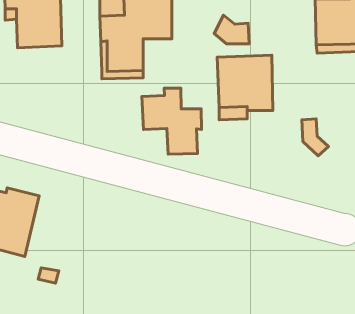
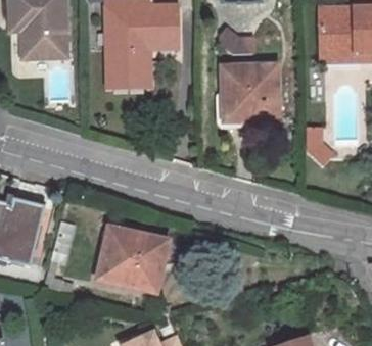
building: [142,88,201,154] -> none
building: none -> [97,227,169,290]

